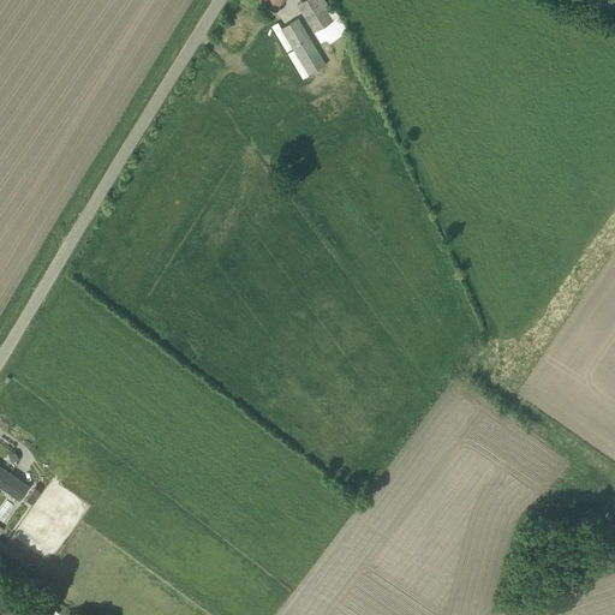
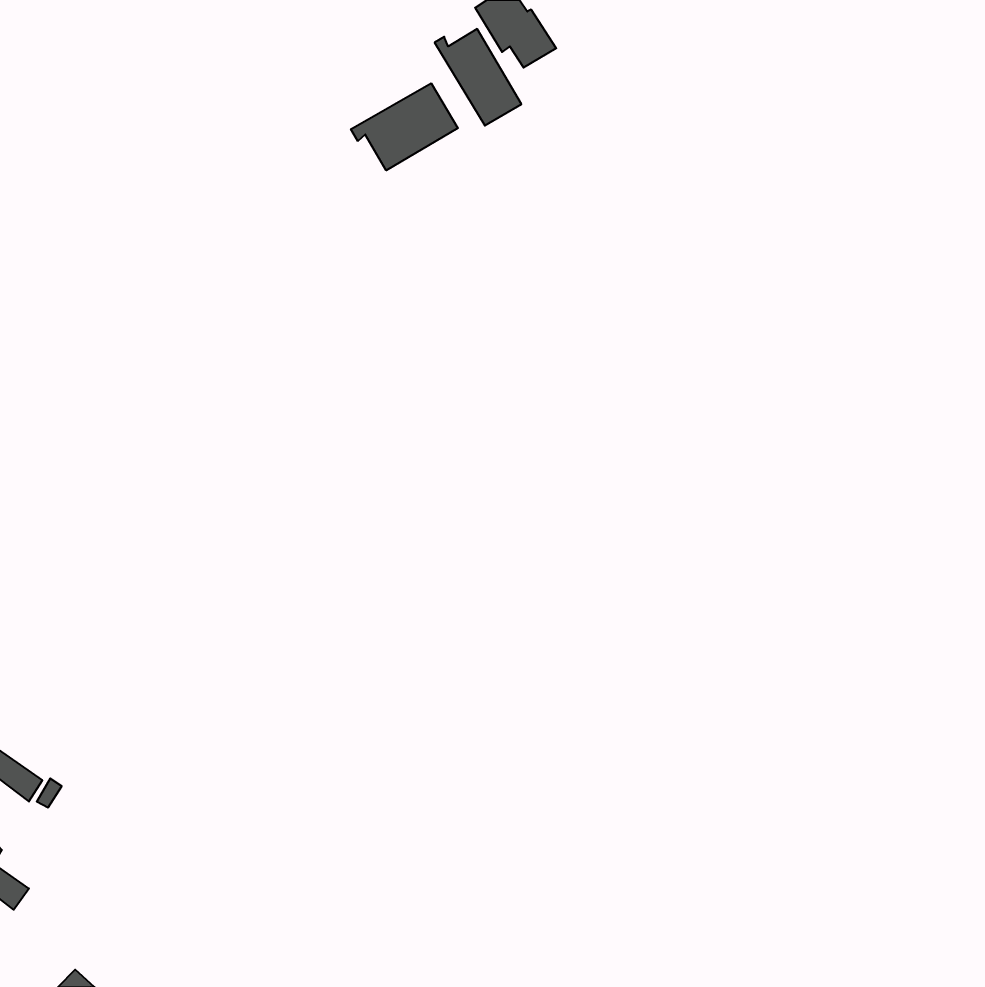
building: none -> [351,83,458,170]

